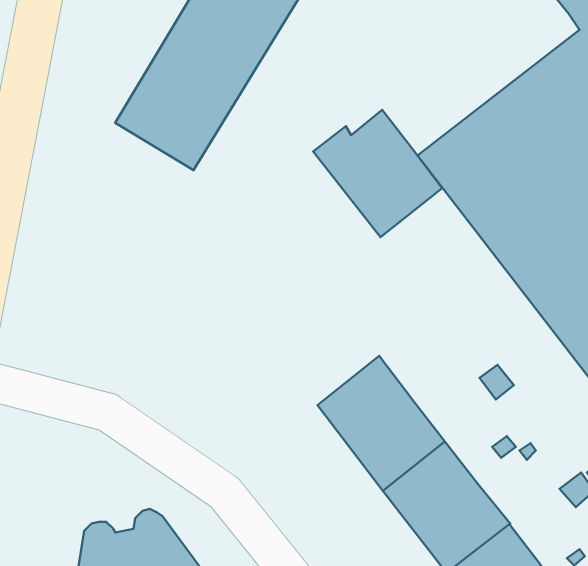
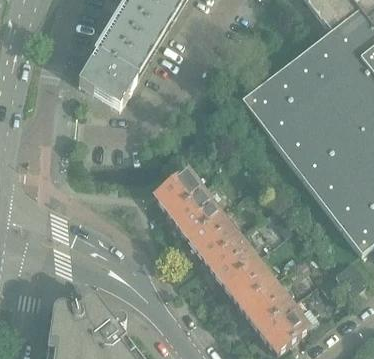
building: [313,110,442,237] -> [150,167,221,237]

